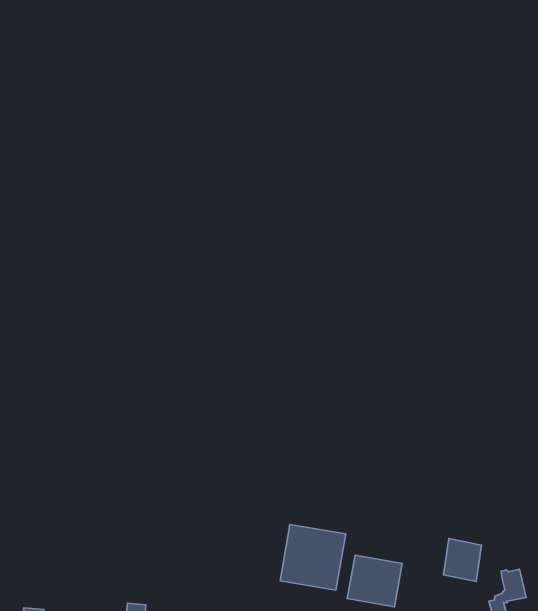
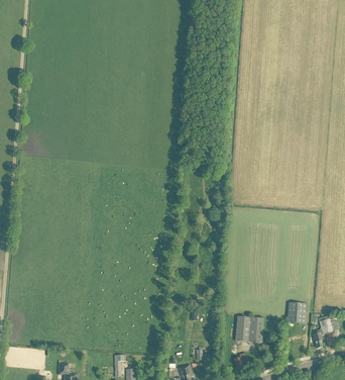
building: [280,524,346,590] -> none

